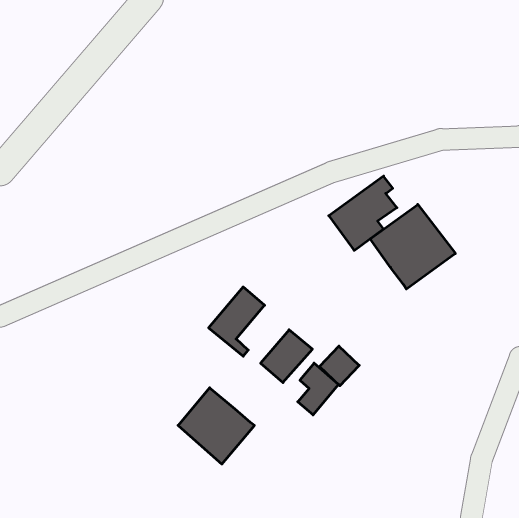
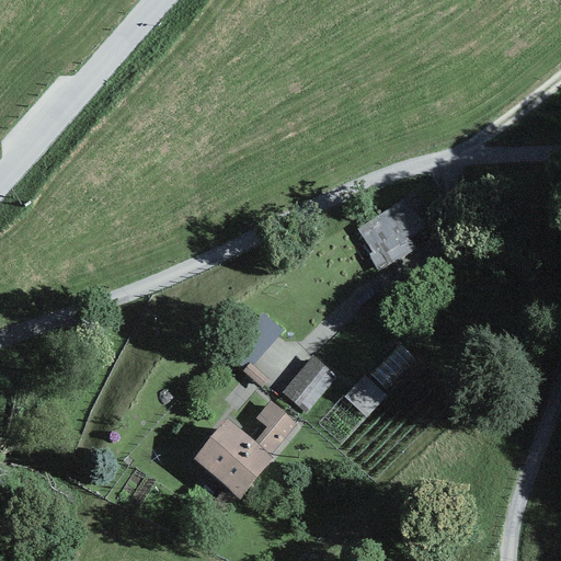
building: [370,204,455,289] -> none
building: [298,363,339,415] -> [254,399,298,455]

